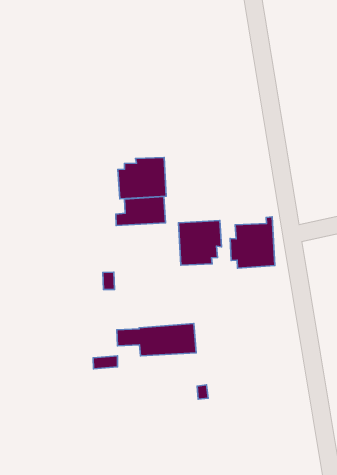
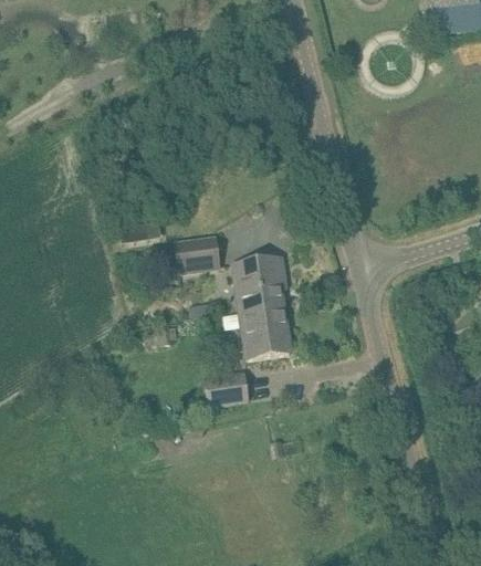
building: [118,157,166,199] -> none
building: [230,217,275,268] -> [239,295,291,355]

